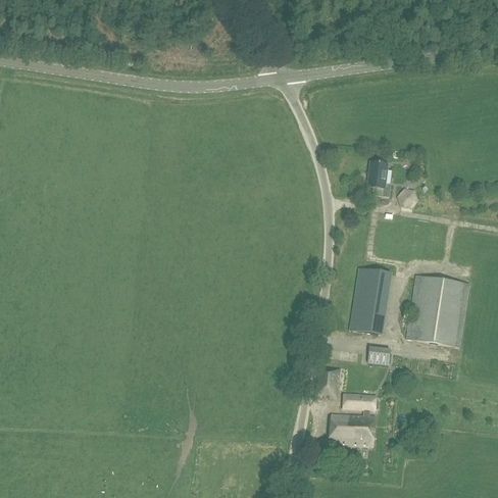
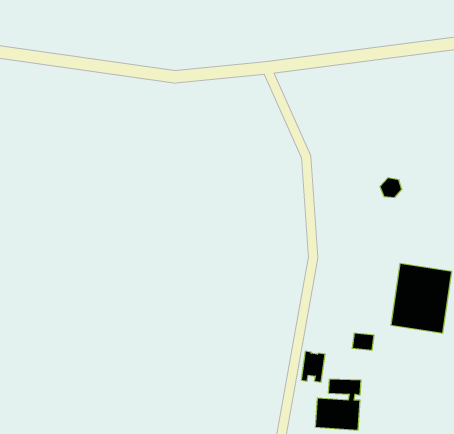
building: [366,160,390,196] -> none
building: [348,266,387,333] -> none

